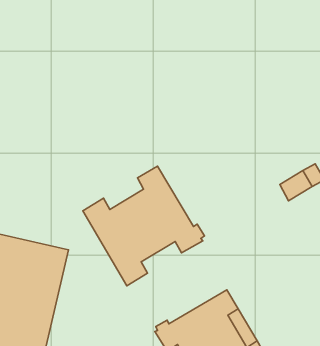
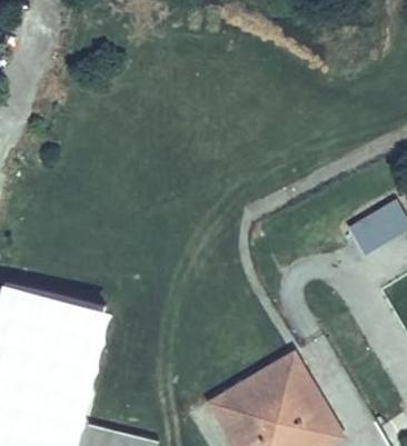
building: [83,166,204,286] -> none

